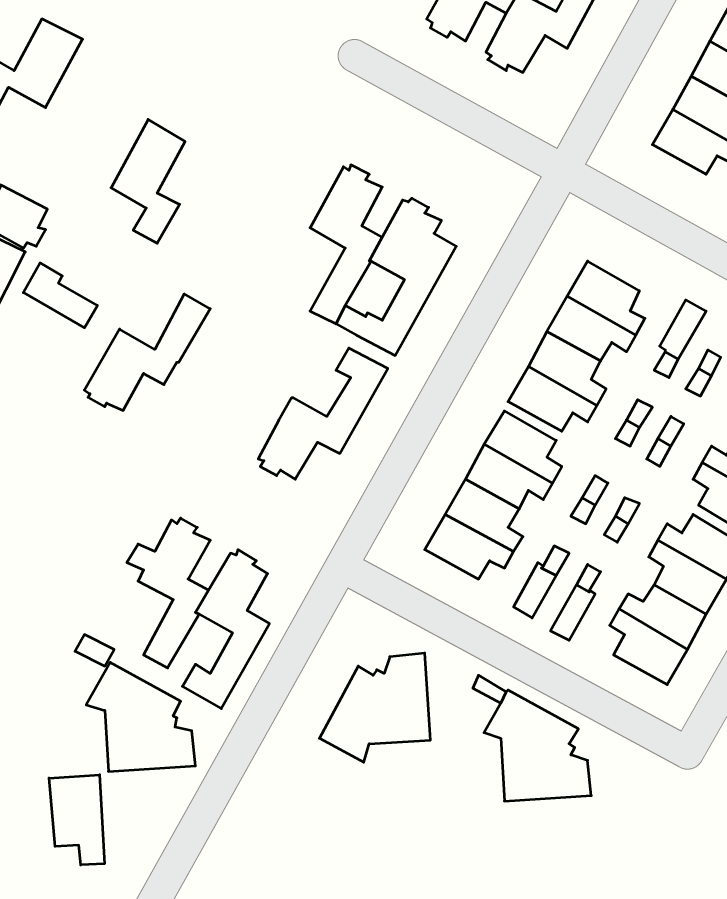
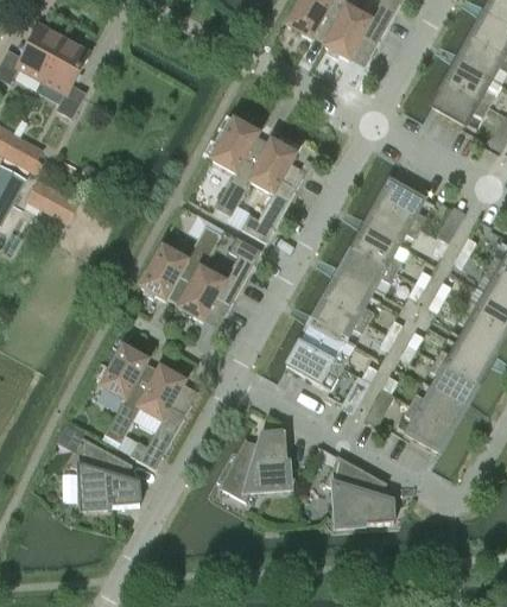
building: [111,119,185,243] -> [42,37,89,116]
building: [84,294,210,410] -> [140,223,221,298]
building: [49,775,104,865] -> none

